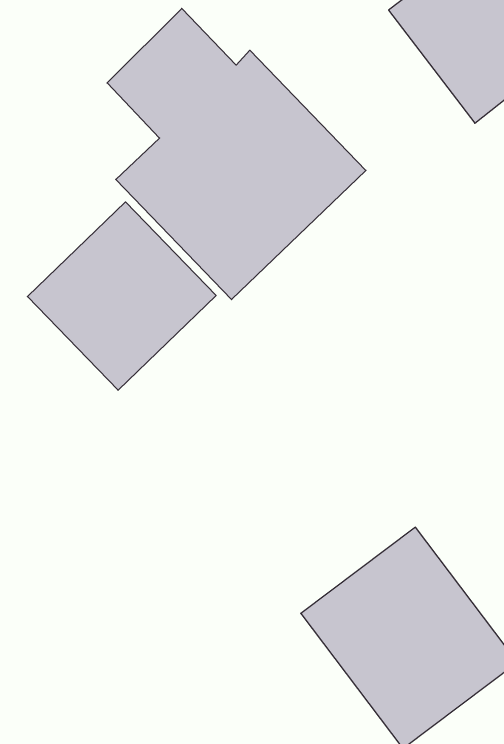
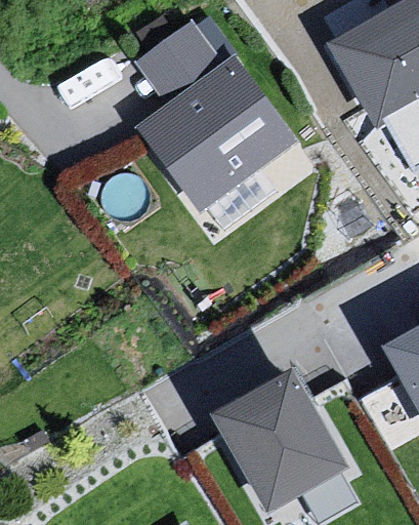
building: [27,202,216,390] -> none

